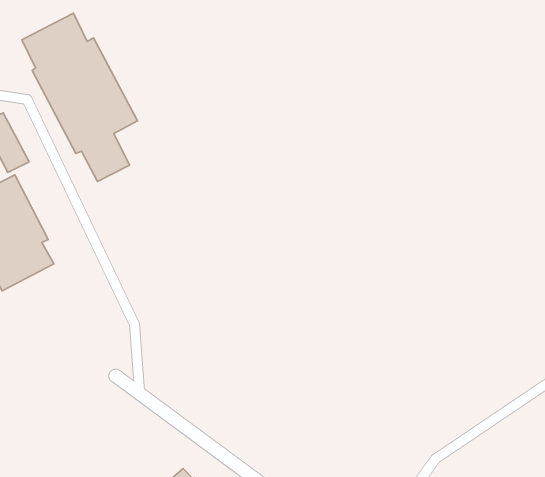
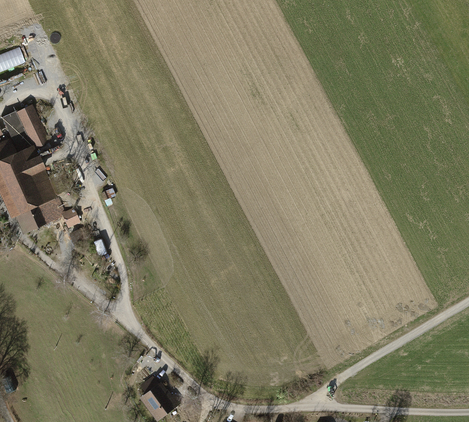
building: [22,13,137,181] -> none

